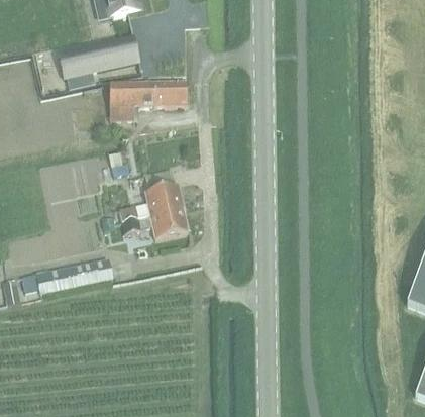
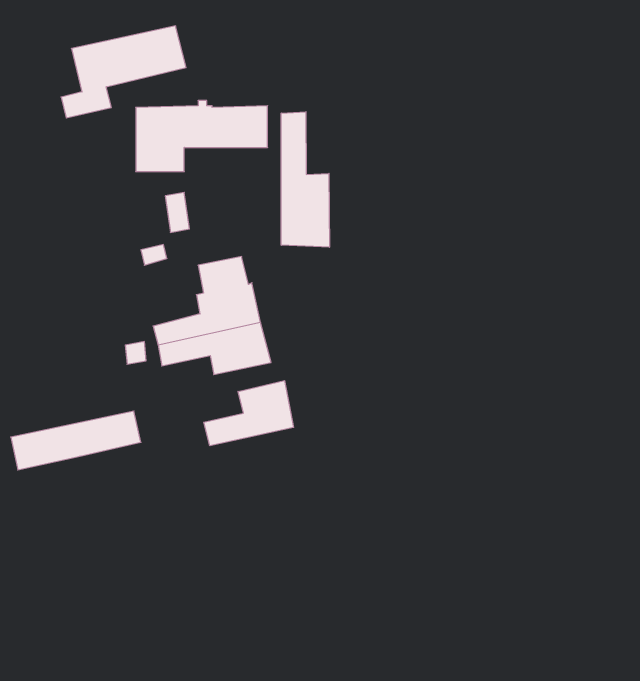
building: none -> [281,112,329,247]
building: none -> [204,381,294,446]

